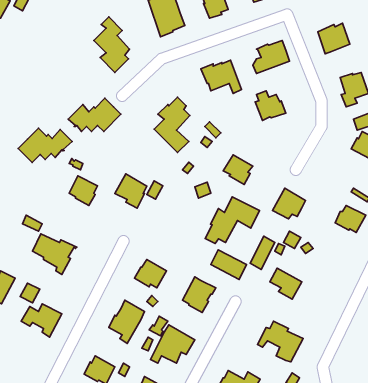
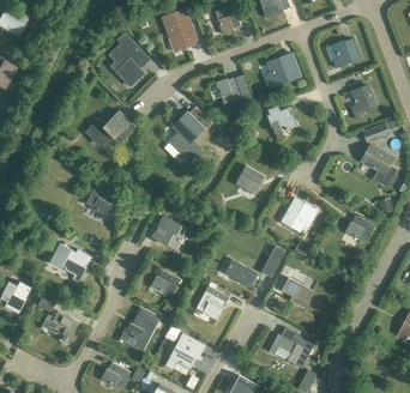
building: [18,128,72,162] -> none
building: [115,174,147,208] -> [153,217,185,250]
building: [205,197,260,243] -> none

